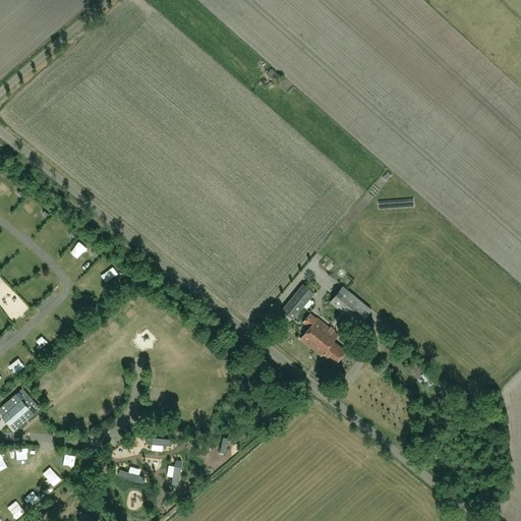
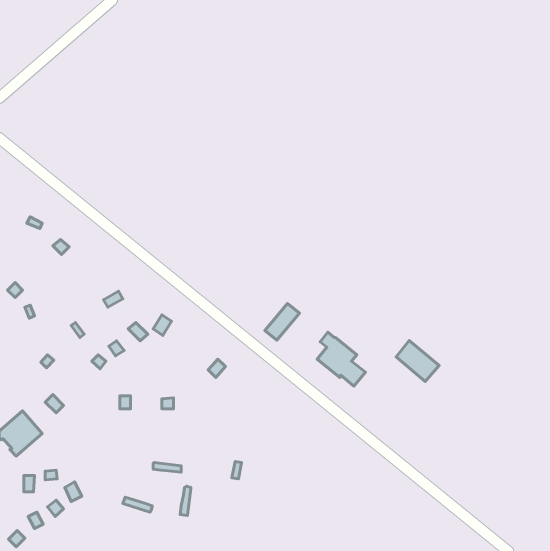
building: [281,284,313,319] -> [265,304,299,340]
building: [330,287,370,326] -> [396,341,439,382]

